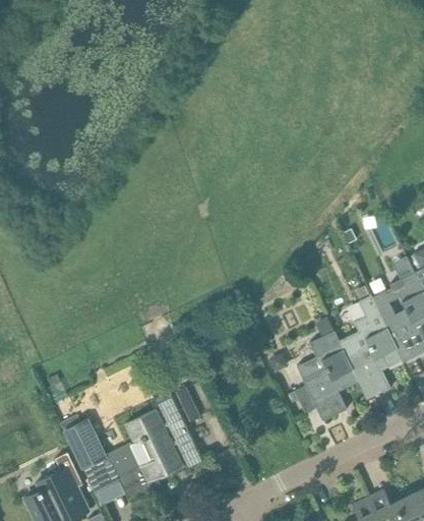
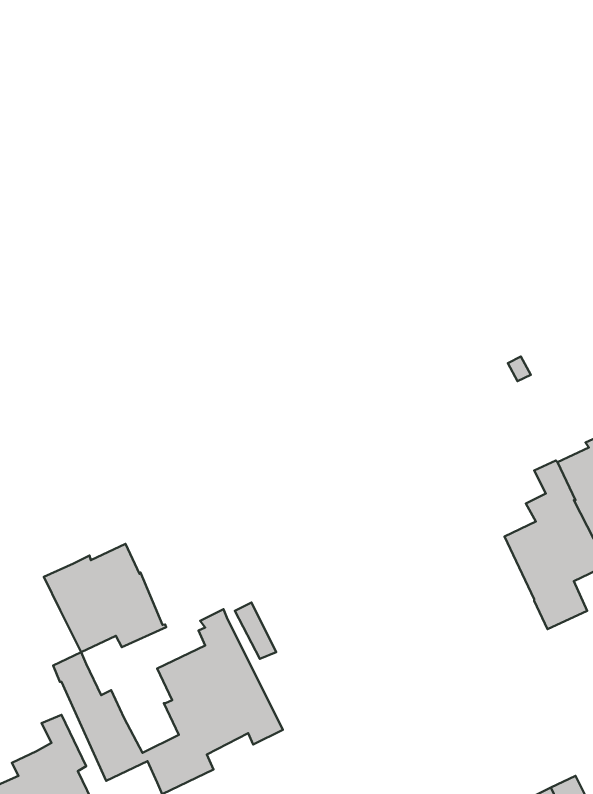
building: [295,332,357,421] -> none
building: none -> [44,544,166,652]

